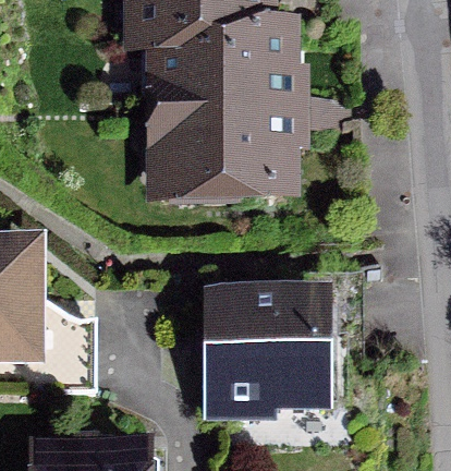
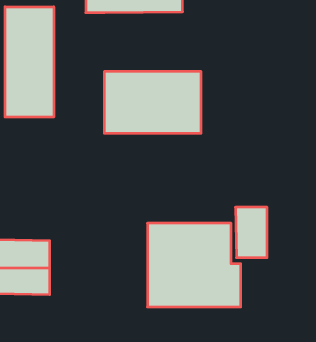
building: none -> [5,7,54,117]
building: [155,38,275,112] -> none

